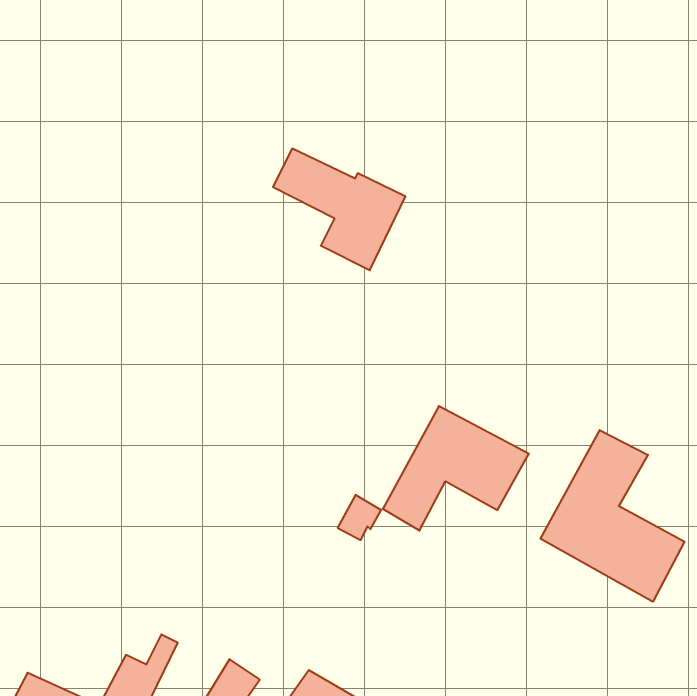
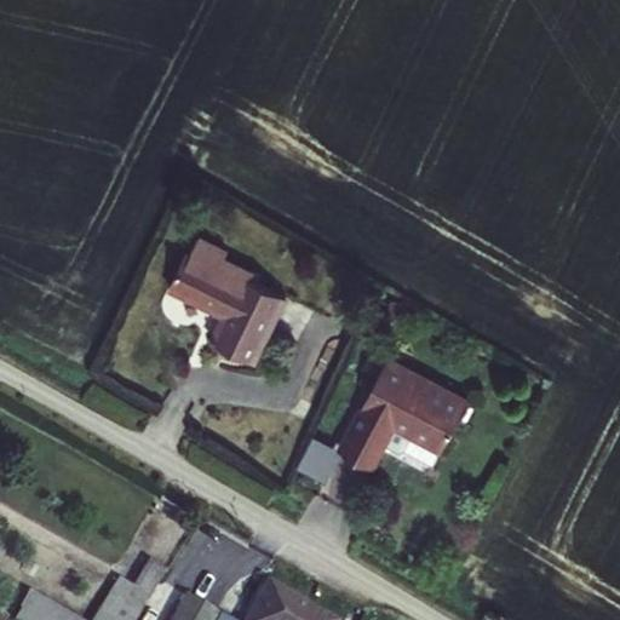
building: [273,149,405,270] -> [166,254,283,362]
building: [540,430,685,602] -> none

